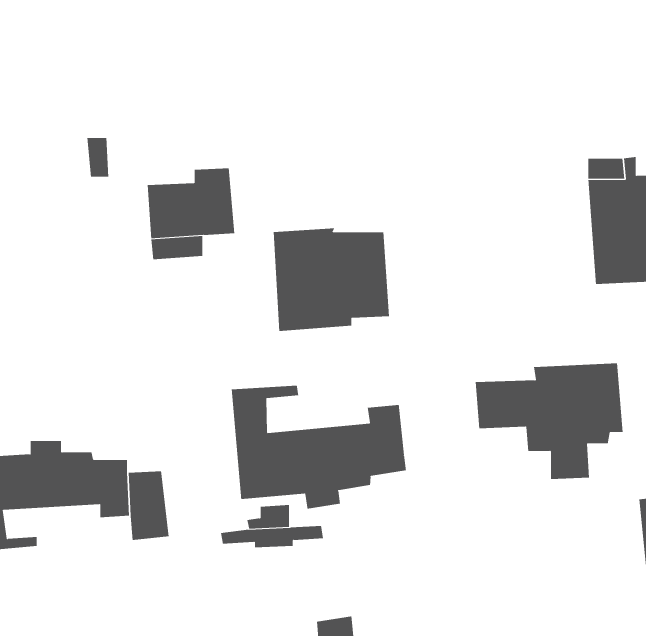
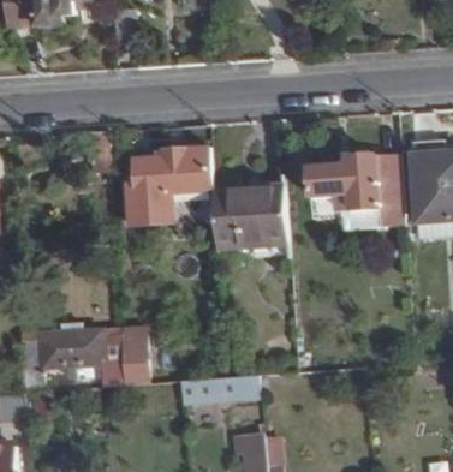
building: [475,363,624,480] -> [308,154,403,228]
building: [231,385,407,509] -> none

